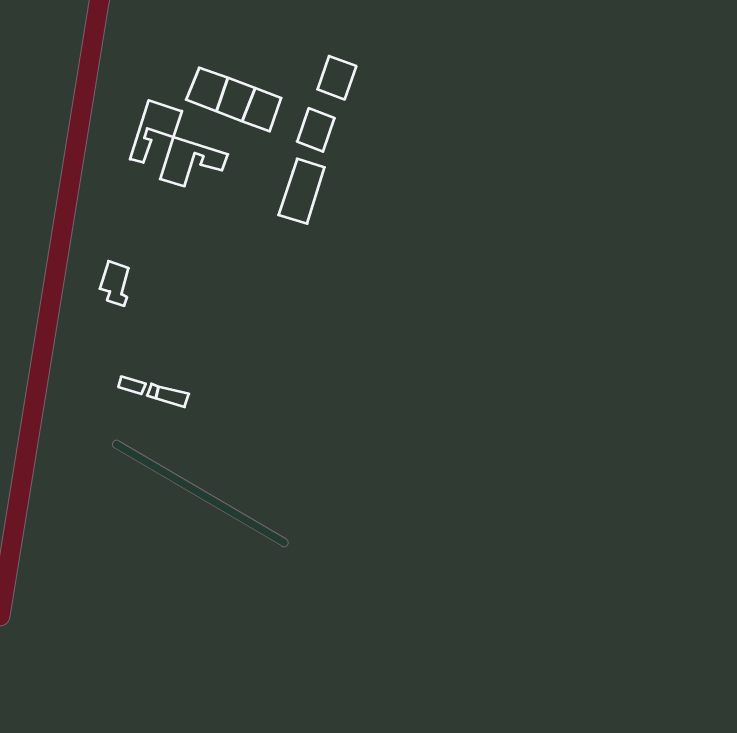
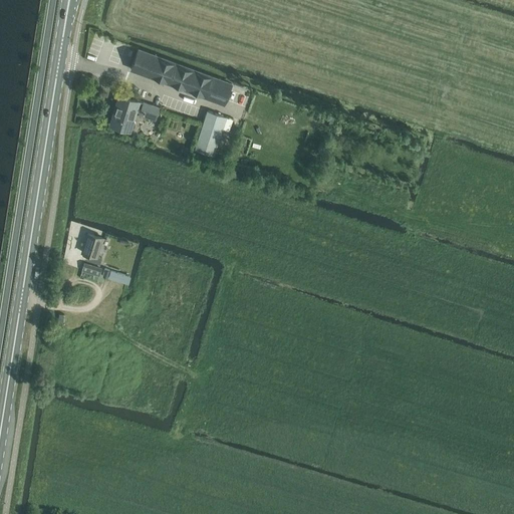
building: [317,56,356,99] -> [188,71,215,101]
building: [130,100,182,163] -> none
building: [100,261,129,306] -> [82,236,102,267]

